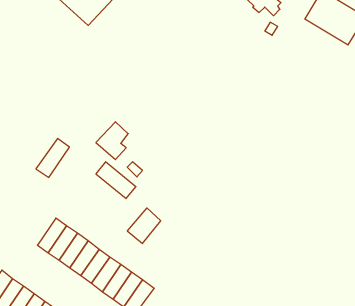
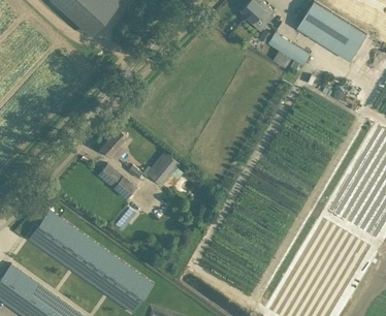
building: none -> [268,33,311,71]
building: [36,138,69,177] -> [28,210,60,247]
building: [127,208,161,244] -> [148,153,180,187]

